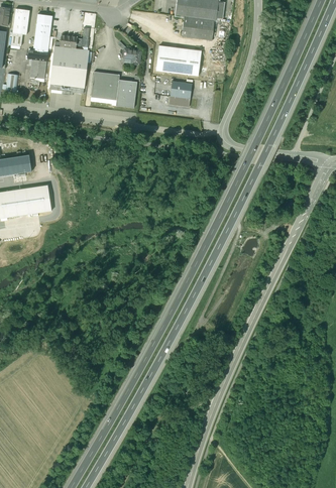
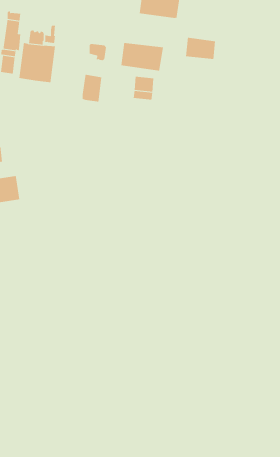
building: [181,16,213,39] -> [185,37,216,59]
building: [90,71,119,100] -> none

